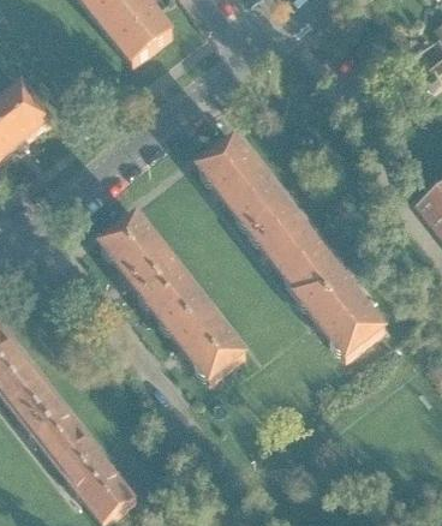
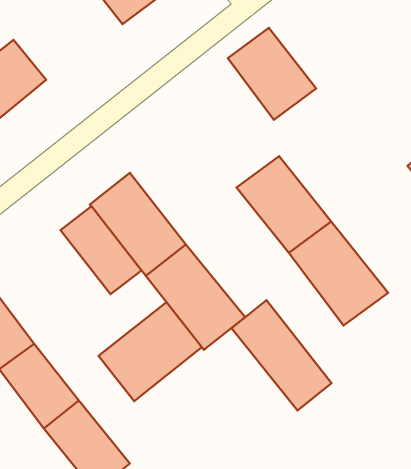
building: [197,133,285,225] -> [228,28,316,120]
building: none -> [61,206,142,294]
building: none -> [231,300,331,410]
building: none -> [99,302,202,401]

